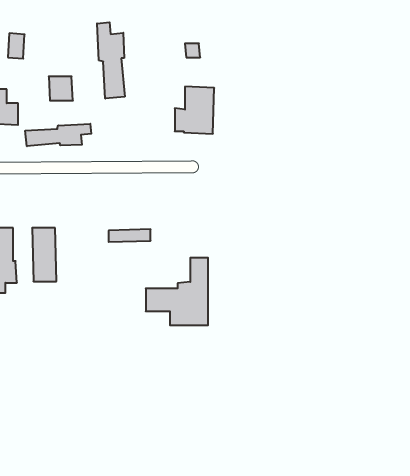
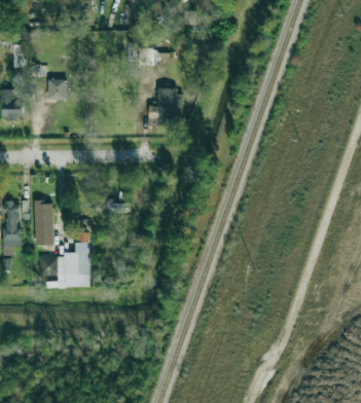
building: [97,22,125,99] -> none
building: [25,124,91,146] -> none
building: [146,258,208,325] -> [39,232,89,287]

